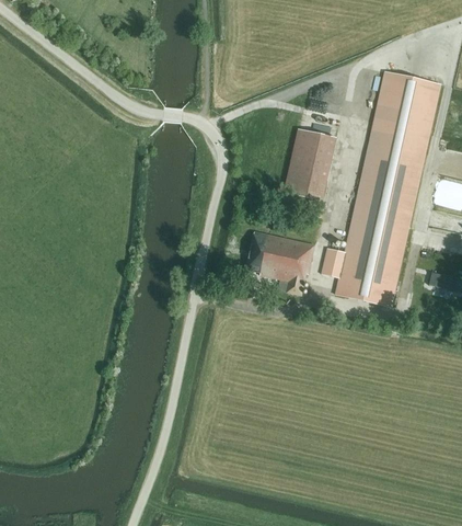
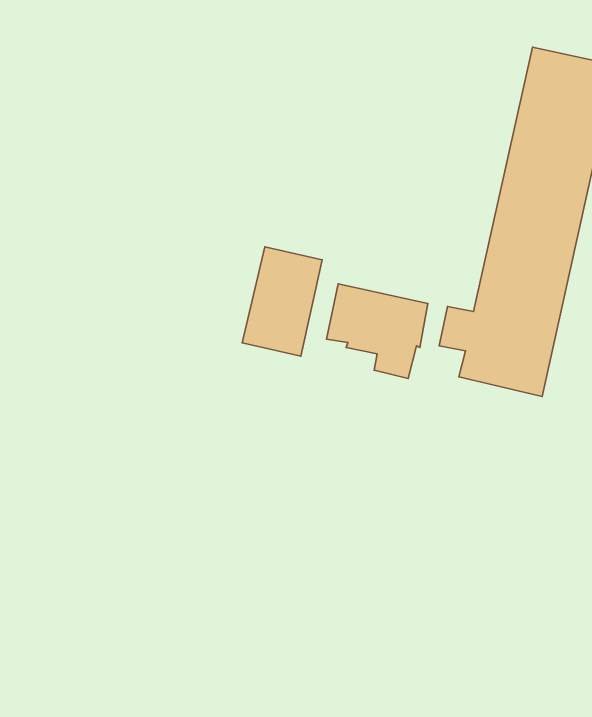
building: [282,128,336,202] -> [242,247,322,356]

